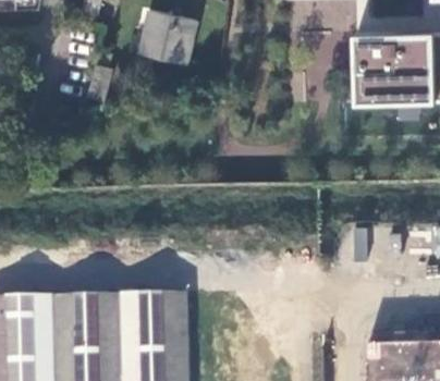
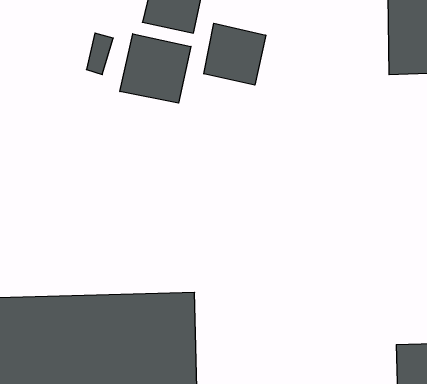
building: none -> [204,23,266,85]
building: none -> [120,34,191,103]

